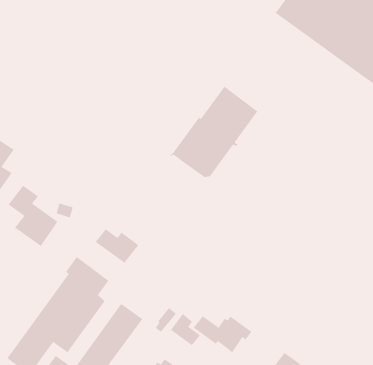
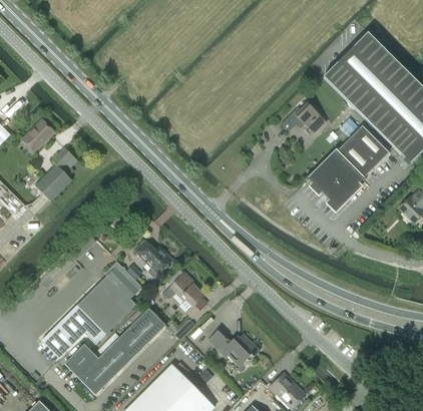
building: none -> [281,103,325,133]
building: [170,86,258,178] -> [305,125,388,202]
building: [8,185,58,247] -> none
building: none -> [161,272,206,317]

